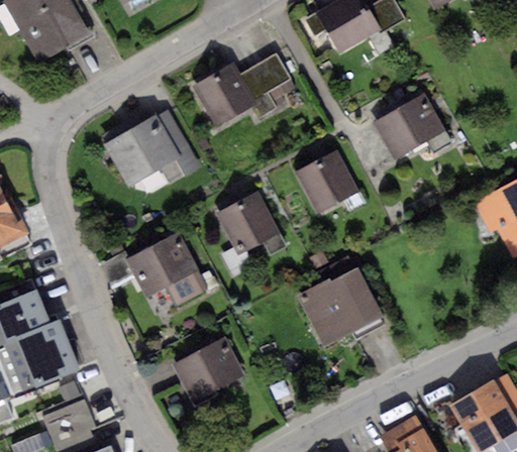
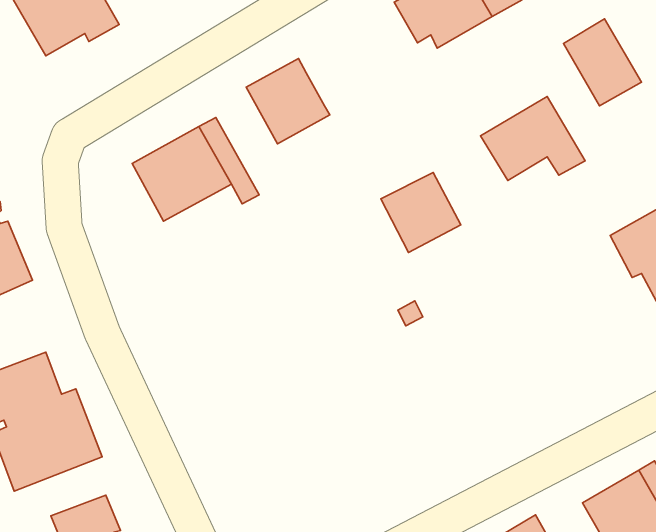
building: none -> [564,19,642,106]
building: [237,53,289,100] -> none
building: [216,192,286,255] -> none
building: [126,234,206,307] -> none
building: [297,267,384,348] -> none
building: [172,337,244,403] -> none

